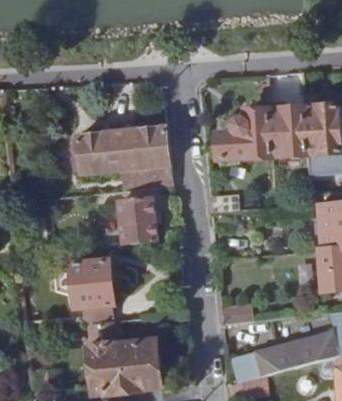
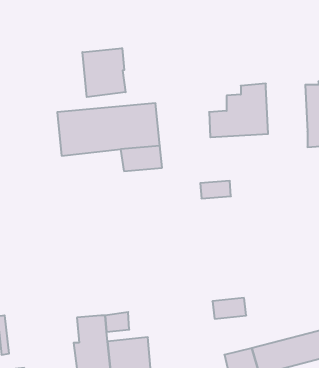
building: none -> [82,48,126,97]
building: [267,107,305,155] -> none
building: [117,198,157,244] -> none
building: [68,260,116,324] -> none

